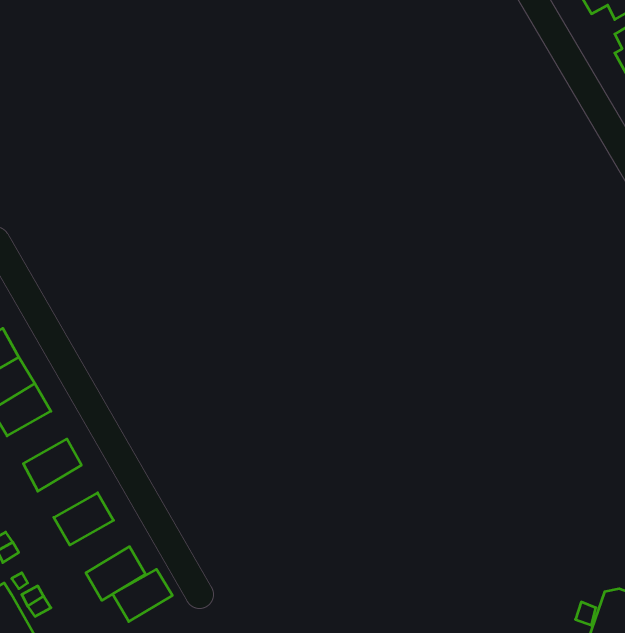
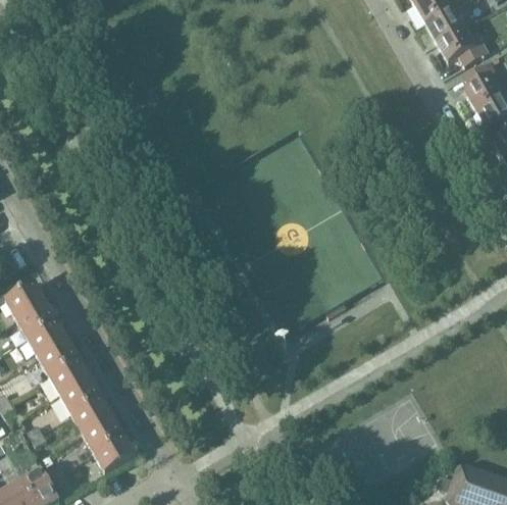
building: none -> [39,340,81,376]
building: none -> [60,377,102,414]
building: [113,569,172,622] -> [83,416,124,453]

